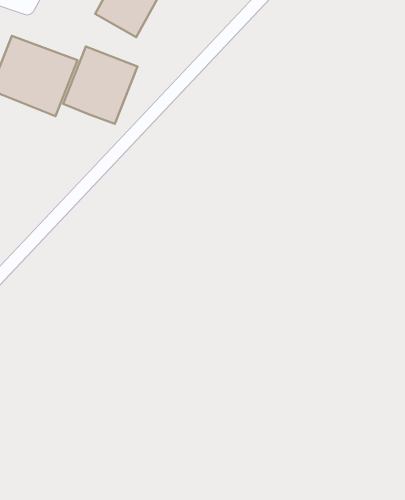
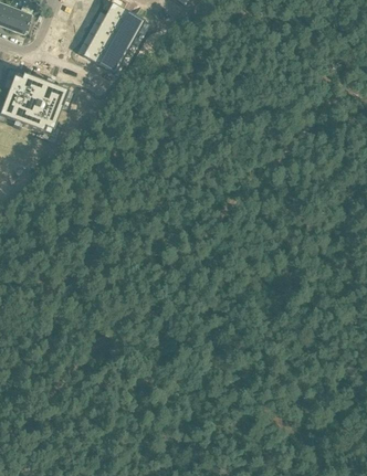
building: [63,47,137,124] -> none

